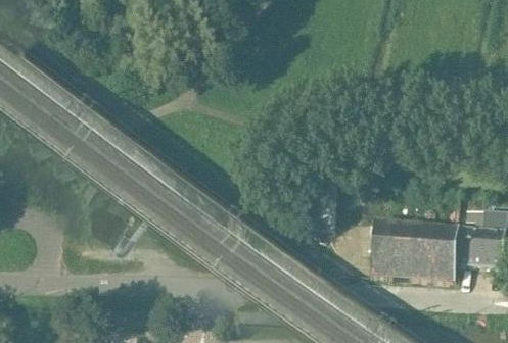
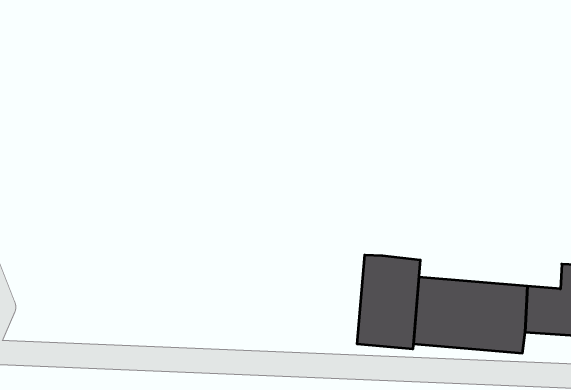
building: none -> [357,255,420,349]

